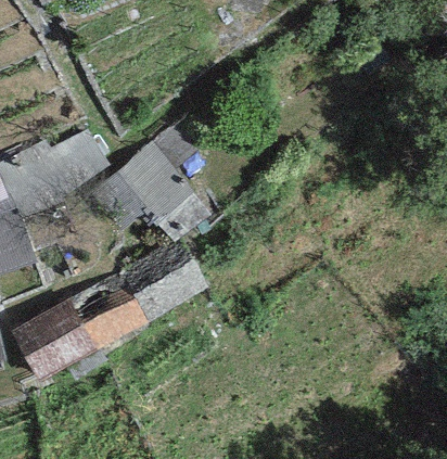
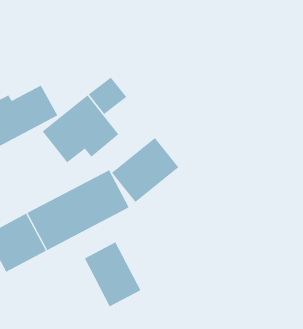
building: none -> [111,137,179,203]
building: none -> [84,242,141,307]

